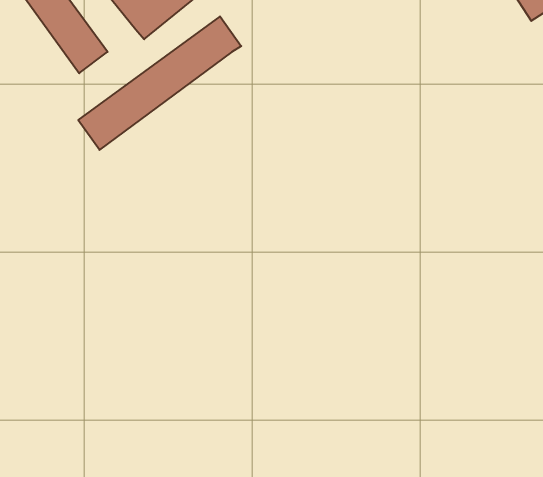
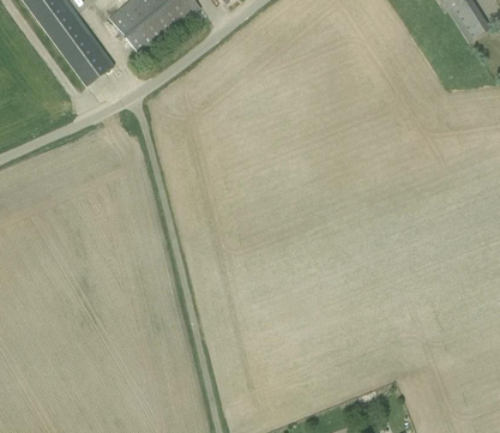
building: [78,16,241,150] -> none

